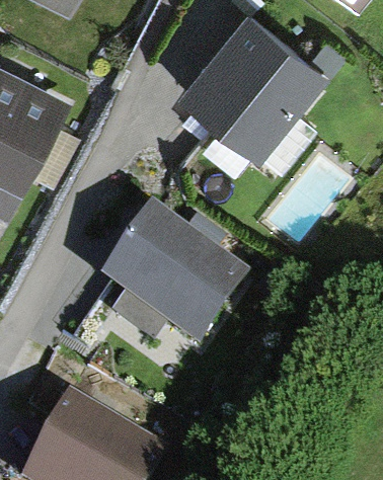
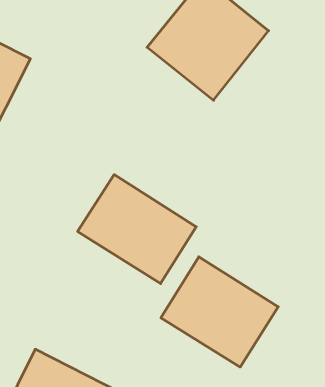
building: none -> [161,257,278,367]

